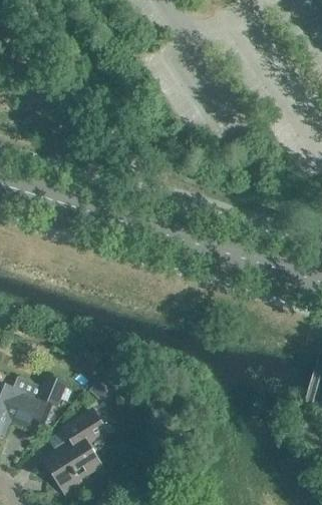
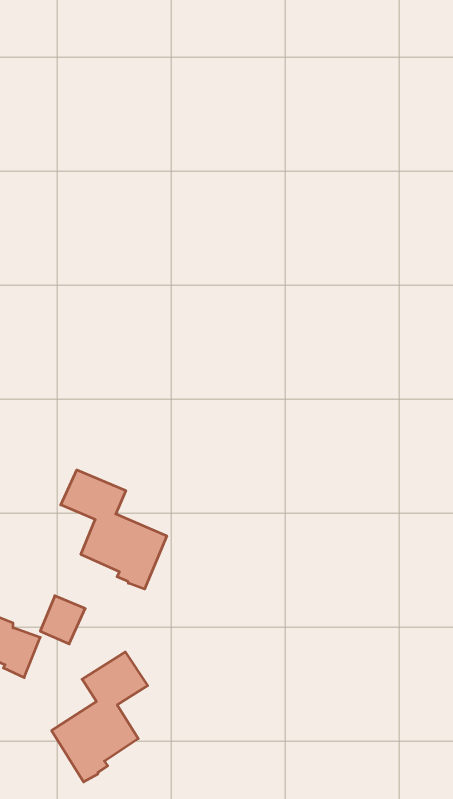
building: none -> [61,470,167,589]

